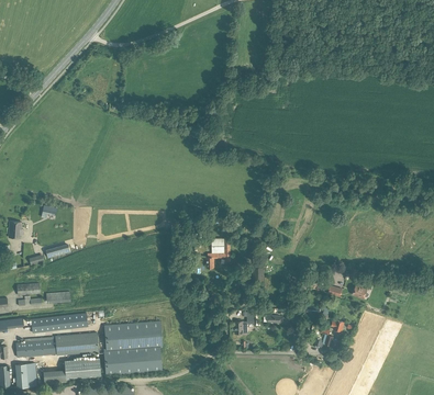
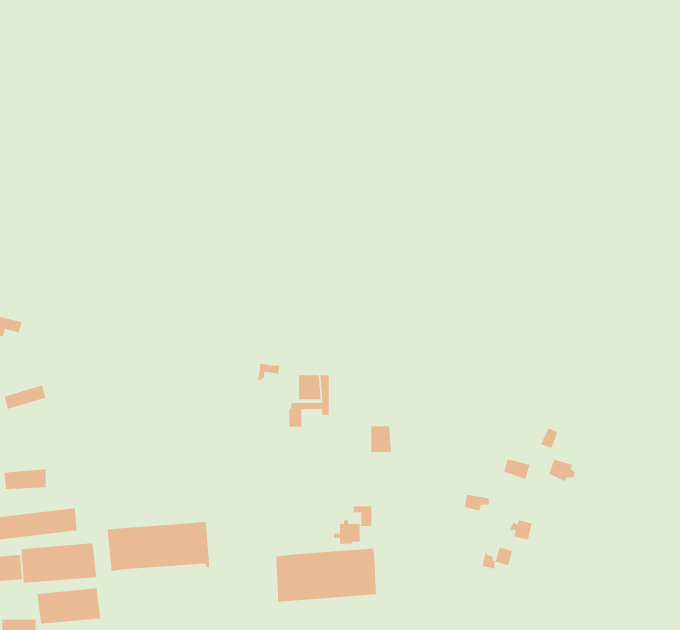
building: [104,345,162,375] -> [275,548,377,602]

